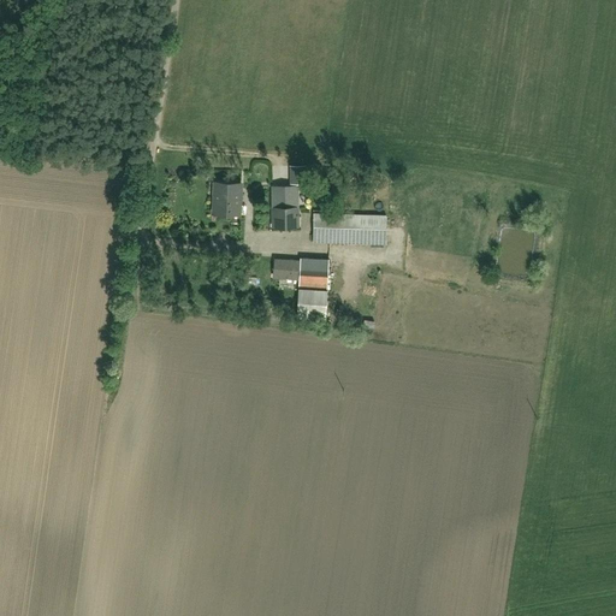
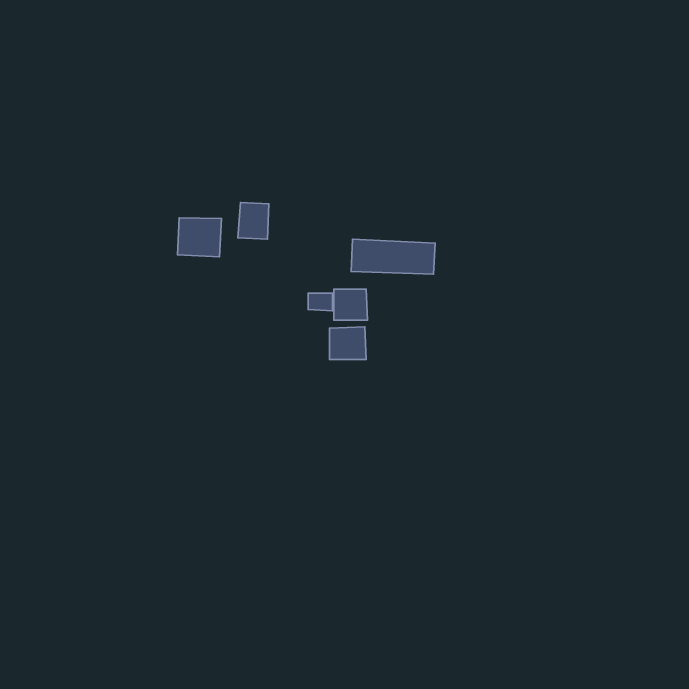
building: [274,186,297,226] -> none
building: none -> [178,218,221,257]

